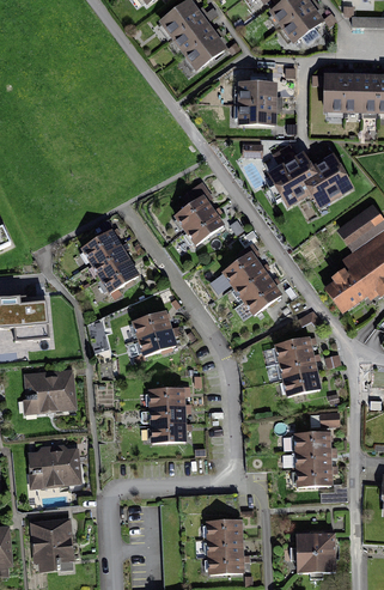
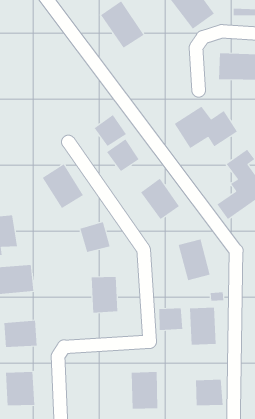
building: [237,83,279,126] -> none
building: none -> [94,114,127,147]
building: none -> [159,307,183,331]

